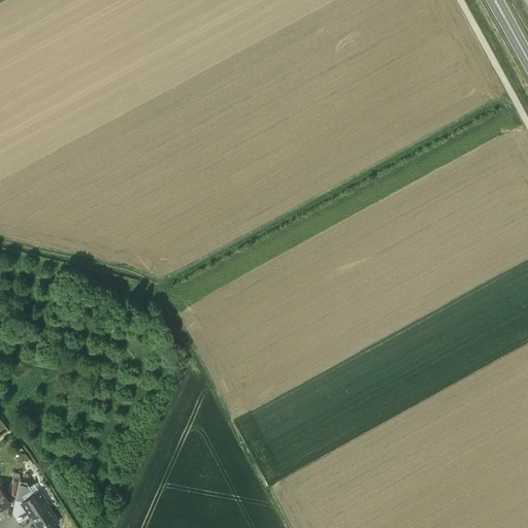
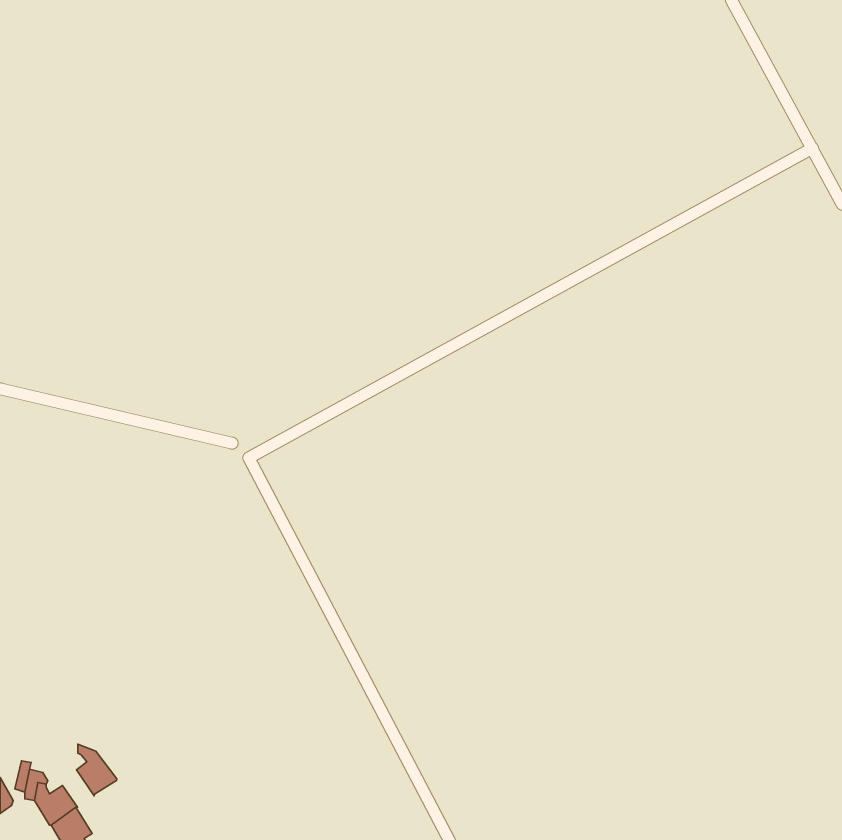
building: none -> [76,744,117,796]

